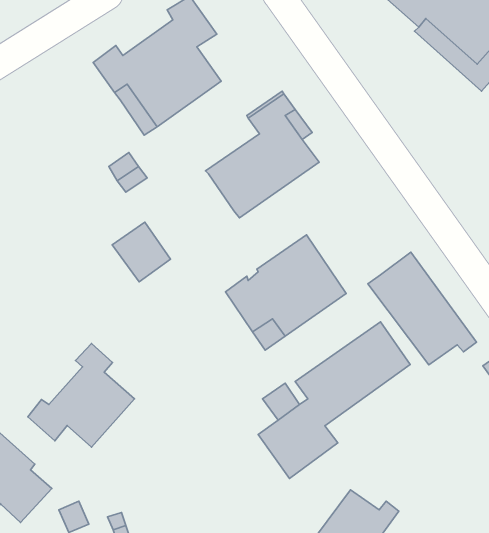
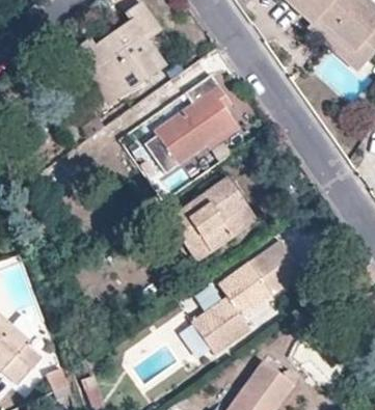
building: [112,222,170,282] -> [133,131,176,174]
building: [368,252,476,365] -> none
building: [28,344,135,447] -> none

